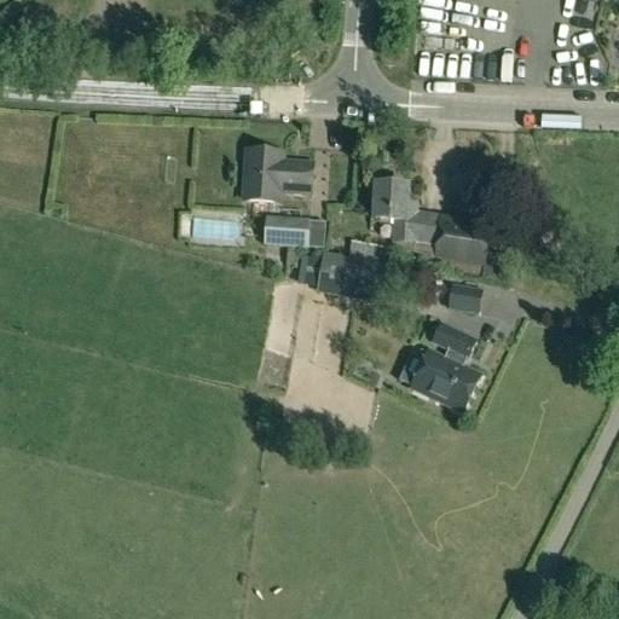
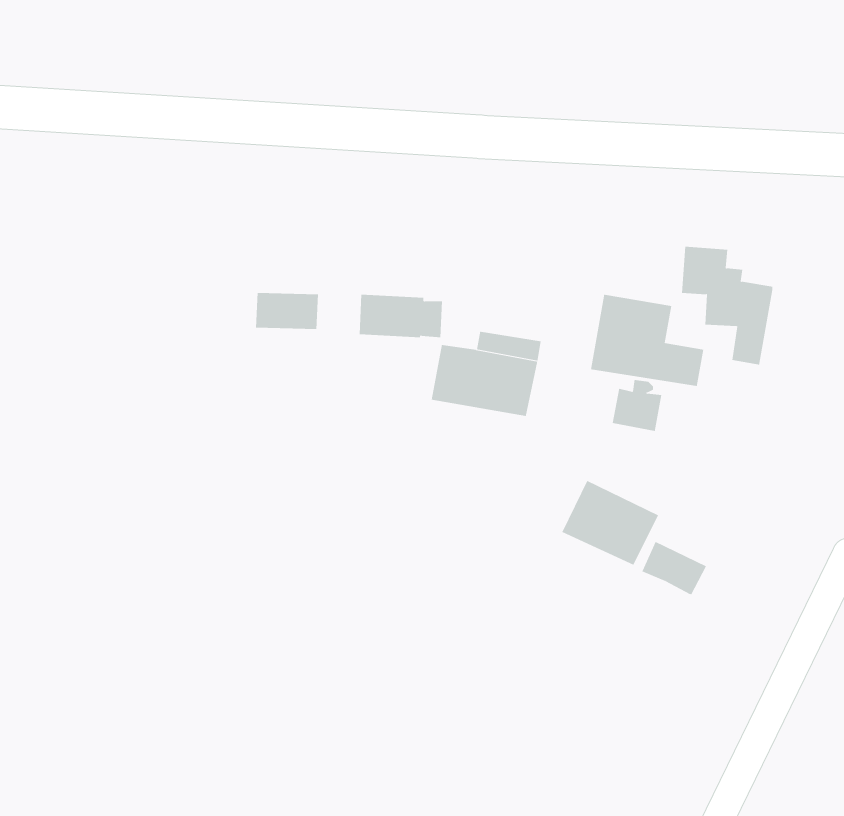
building: [242,146,312,199] -> none
building: [372,181,439,267] -> [681,246,773,365]
building: [429,318,476,357] -> [642,541,707,595]

